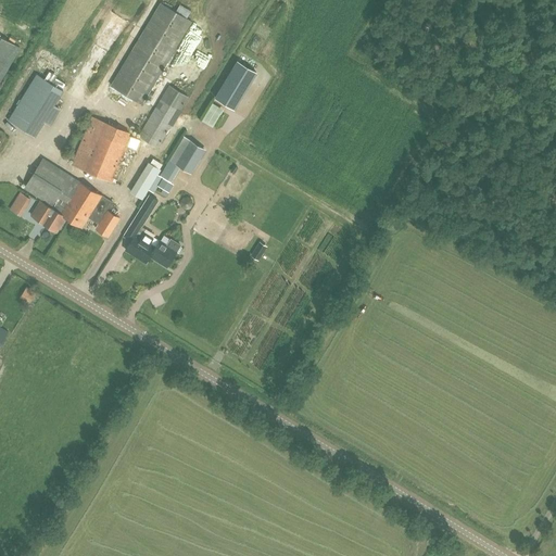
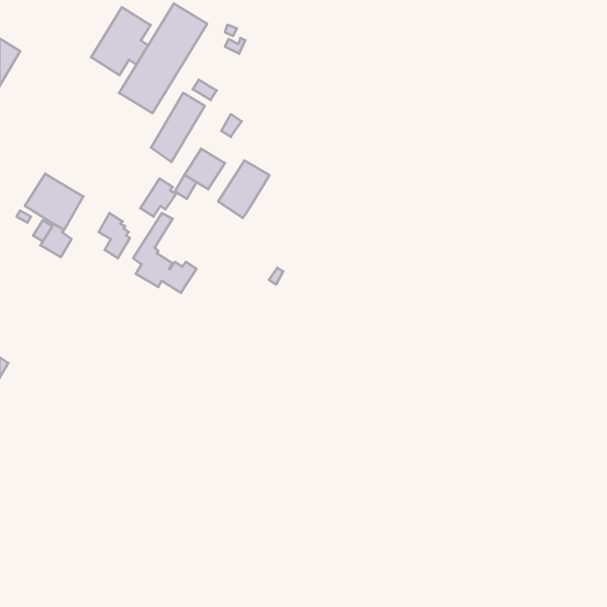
building: [214,61,255,110] -> none
building: [8,75,62,137] -> [91,7,151,75]
building: [71,121,139,187] -> none
building: none -> [218,161,269,218]
building: [56,180,100,228] -> none

